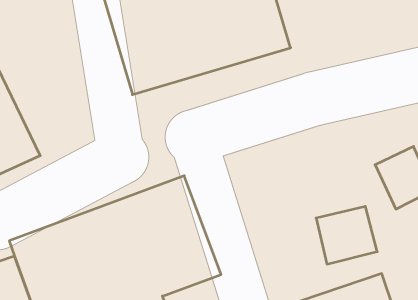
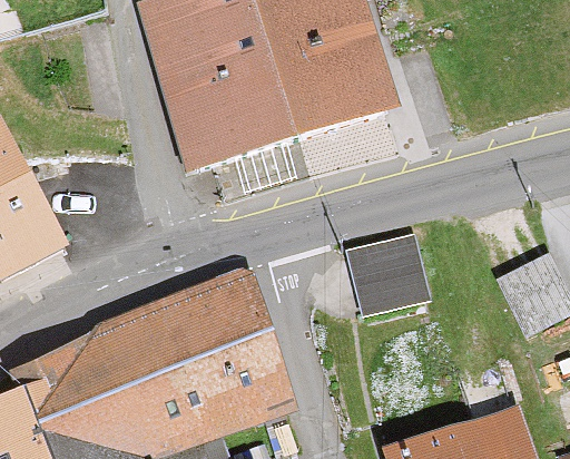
building: [316,206,377,264] -> [348,234,430,311]

